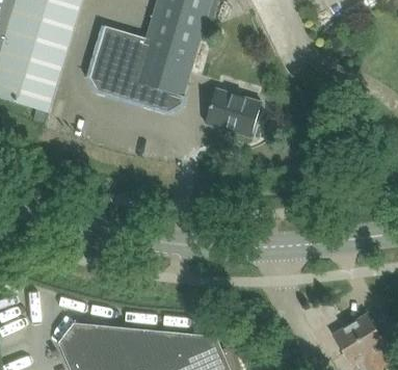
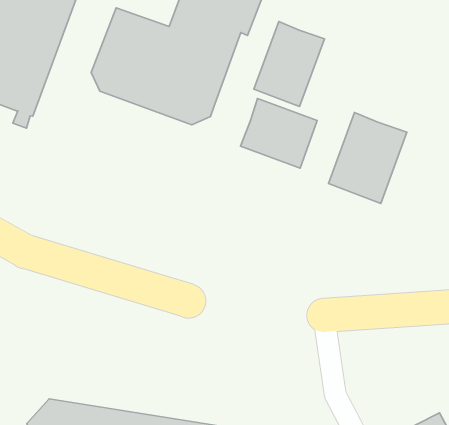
building: none -> [254,21,324,107]
building: none -> [328,112,407,203]

